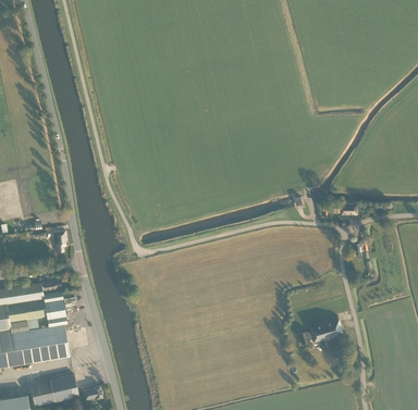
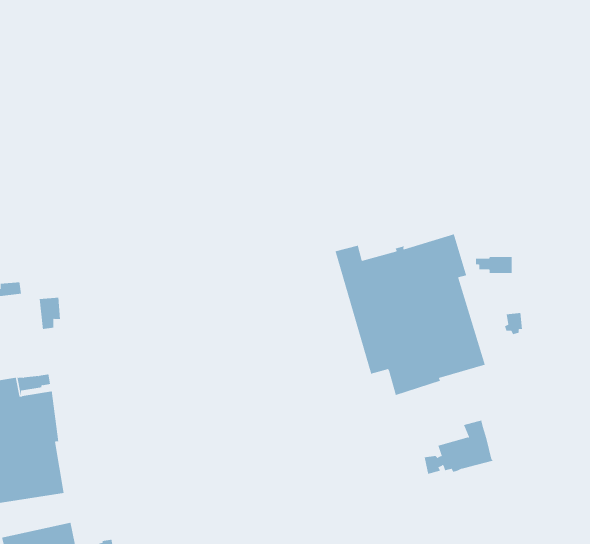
building: none -> [335,233,485,396]

